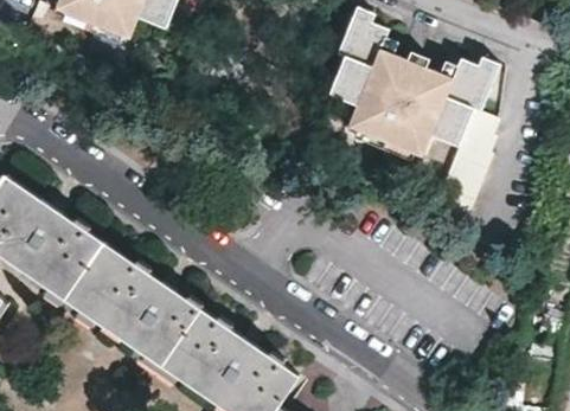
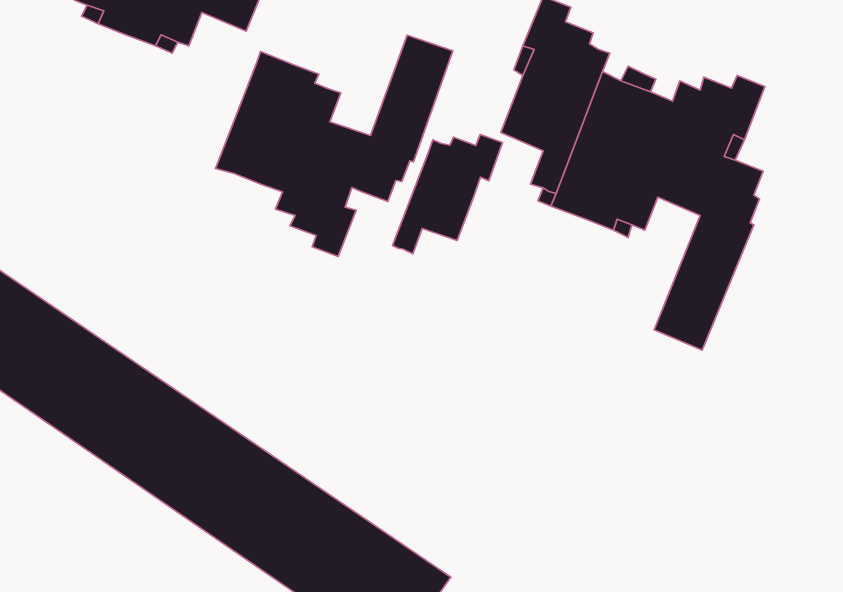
building: none -> [216,35,453,257]
building: none -> [392,134,503,254]

